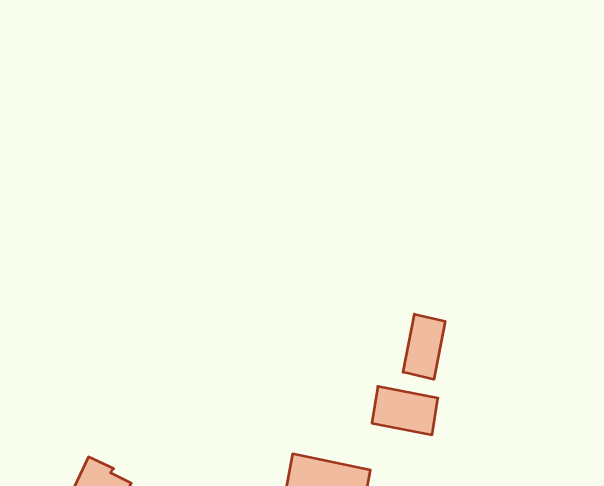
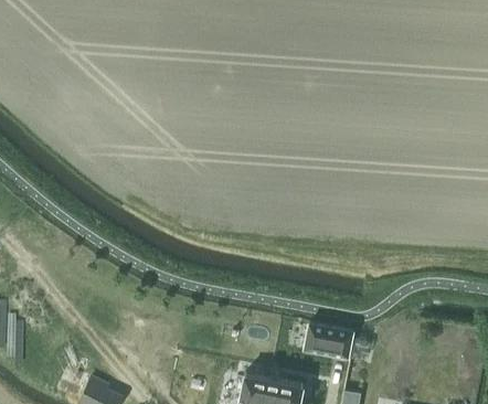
building: [403,314,445,379] -> none

